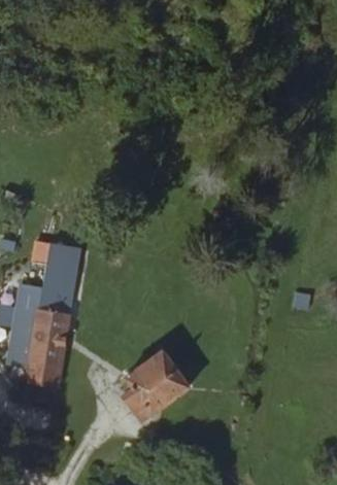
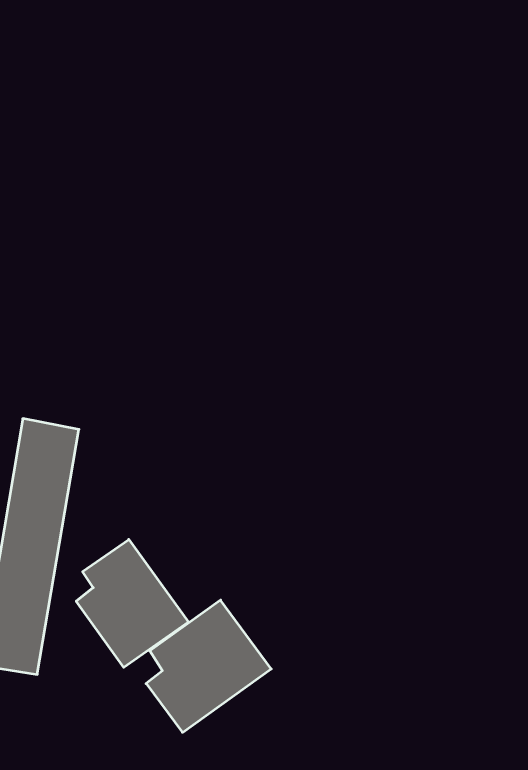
building: none -> [76,539,188,667]

